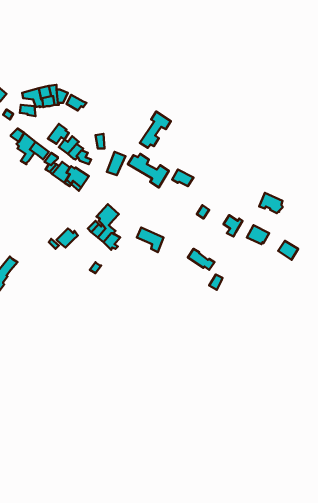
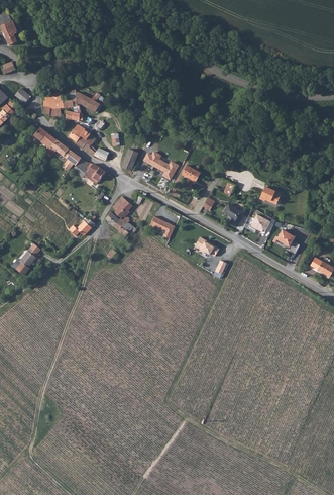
building: [140,111,171,148] -> none

